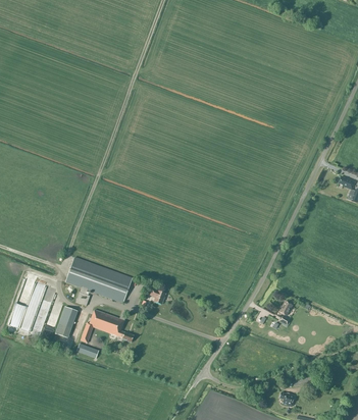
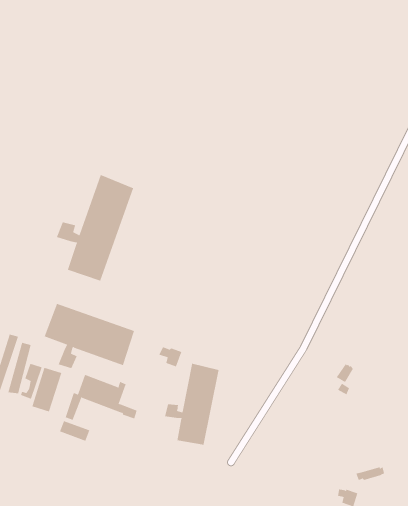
building: none -> [56,174,134,281]
building: none -> [165,363,219,446]

